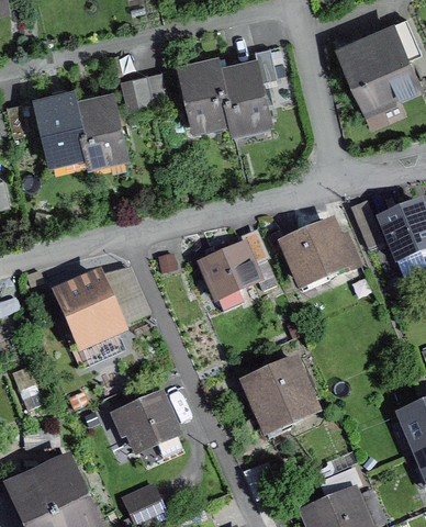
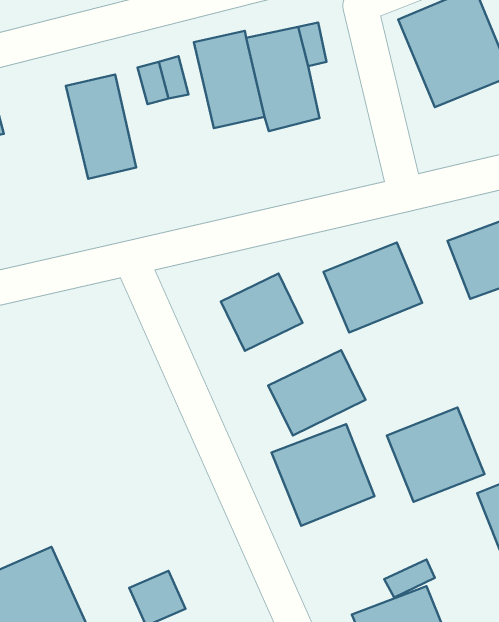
building: [33,83,90,160] -> none
building: [51,270,125,355] -> none
building: none -> [268,350,365,435]
building: none -> [387,408,484,502]
building: [116,391,181,453] -> none

